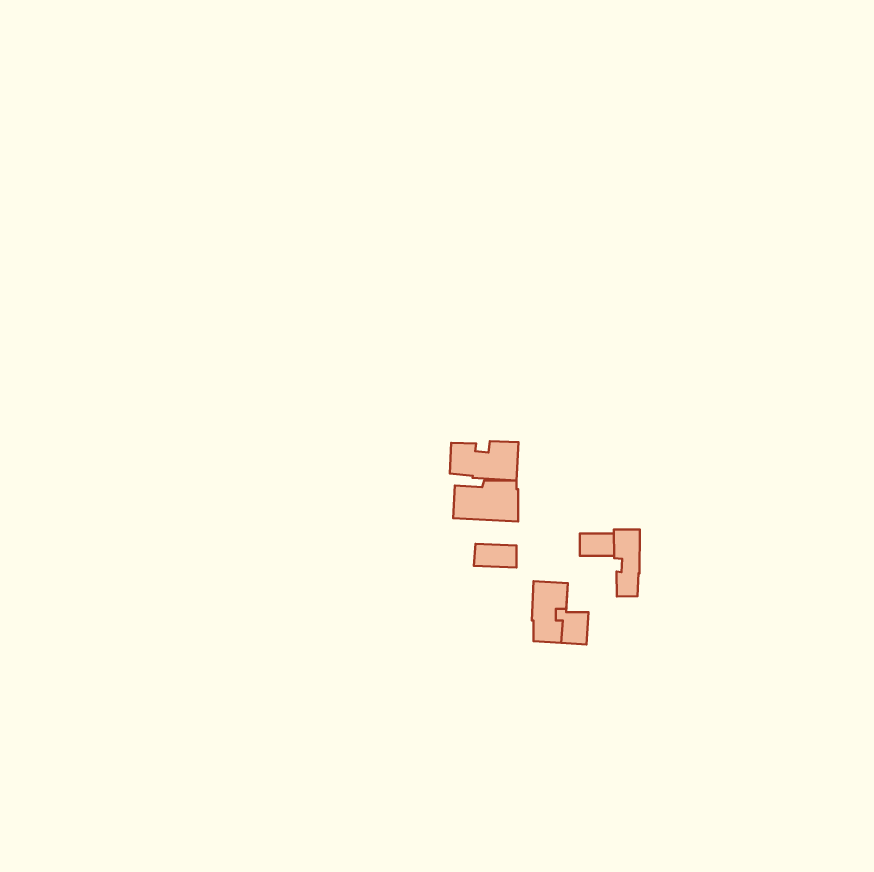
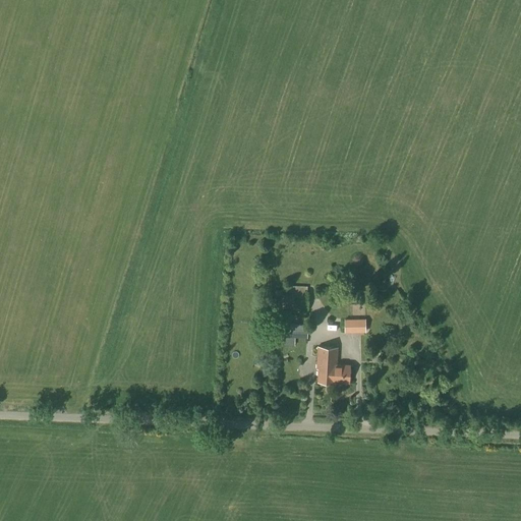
building: [450,441,519,480] -> none
building: [614,530,640,596] -> none

